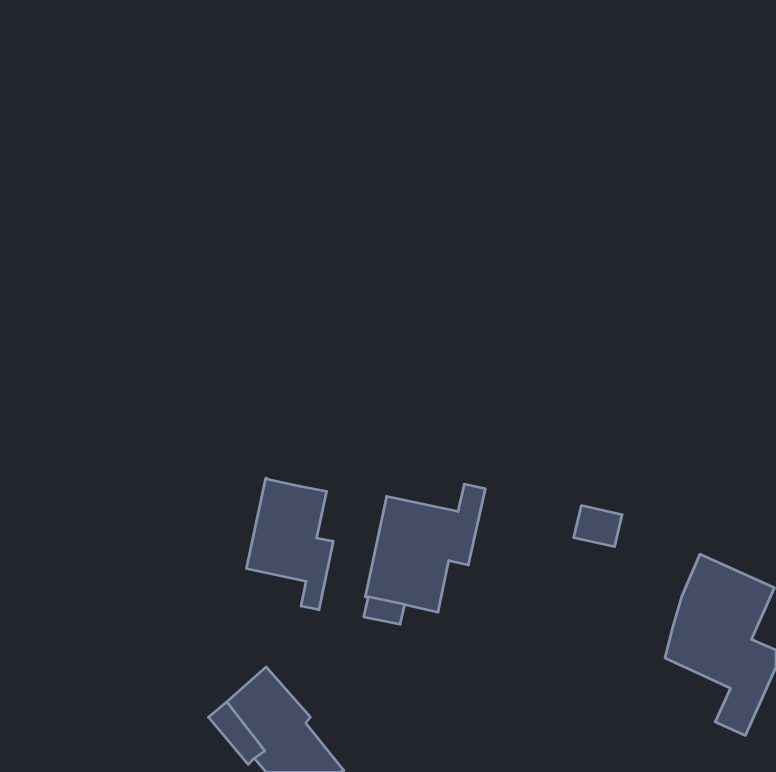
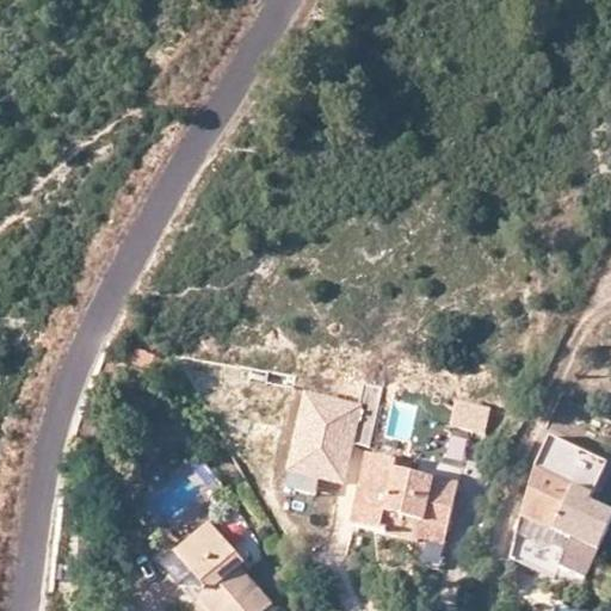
building: [247,478,333,610] -> none
building: none -> [353,455,457,543]
building: none -> [513,516,573,567]

